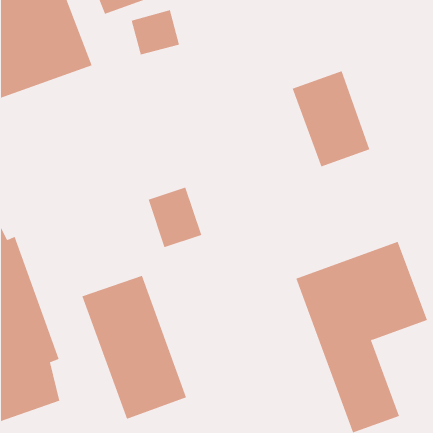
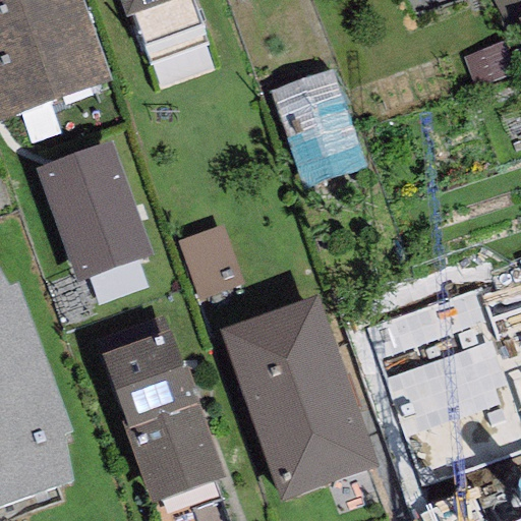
building: [292,71,370,167] -> [271,69,364,185]
building: none -> [36,141,152,283]
building: none -> [220,295,379,502]

